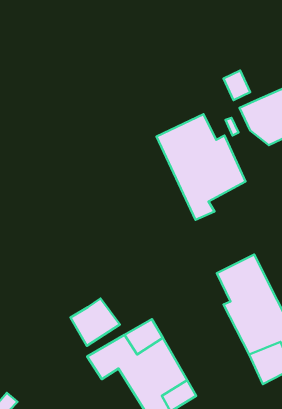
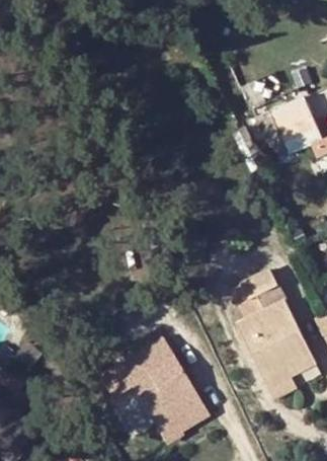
building: [157,114,246,220] -> none
building: [70,298,120,346] -> none

